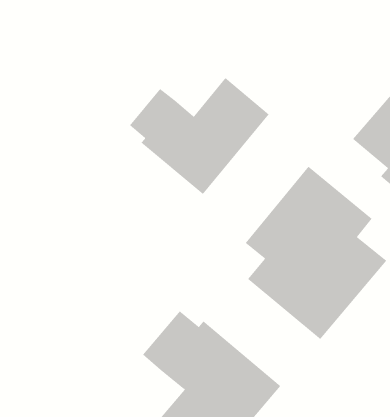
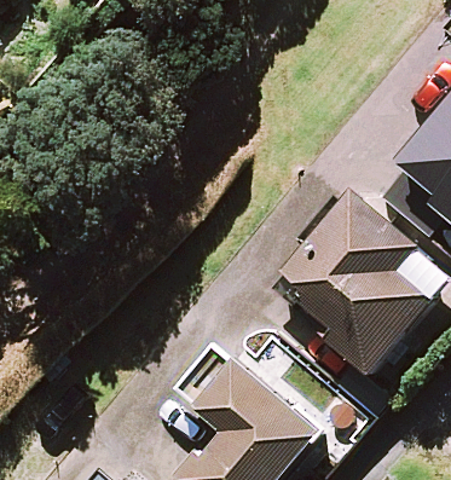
building: [129,77,270,195] -> none

